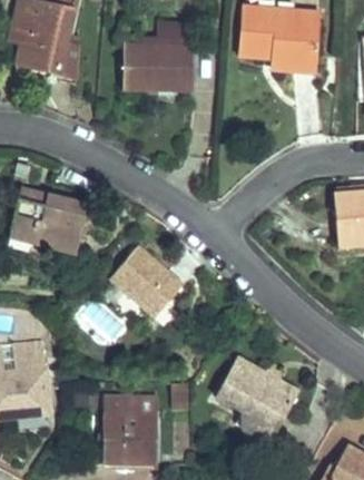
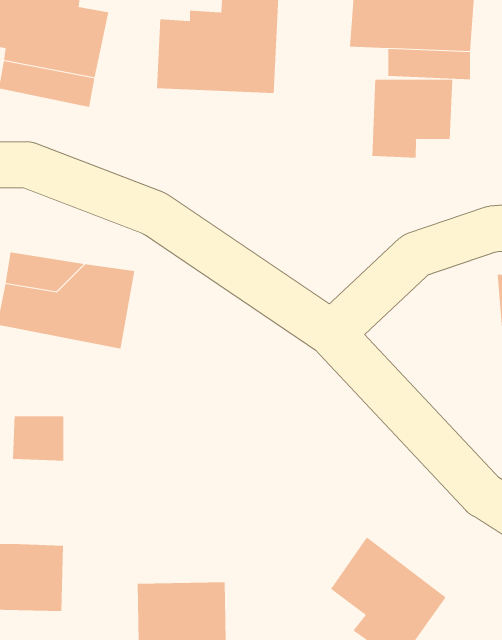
building: none -> [372,79,453,159]
building: [121,249,194,319] -> none
building: [19,342,52,371] -> [12,416,64,461]

